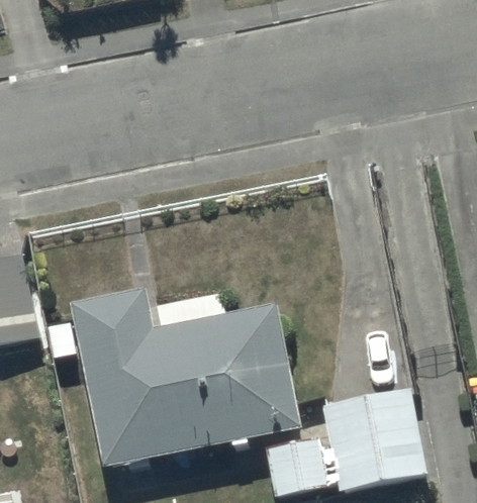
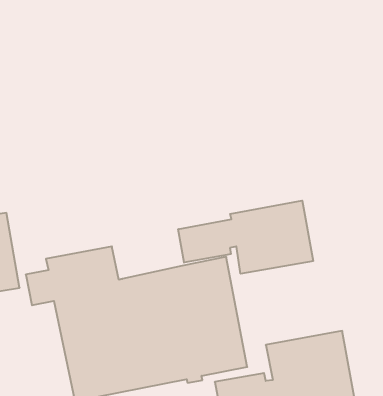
building: none -> [178,201,313,274]

